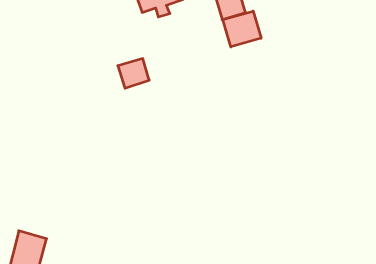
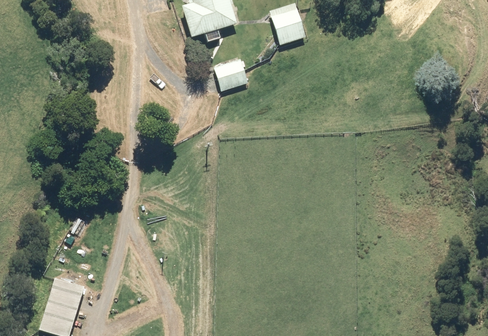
building: [223,11,261,47] -> none
building: [118,59,149,88] -> [213,59,248,92]

